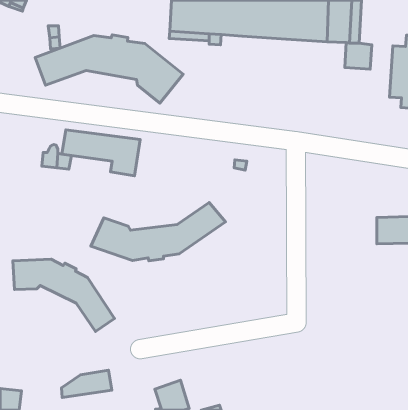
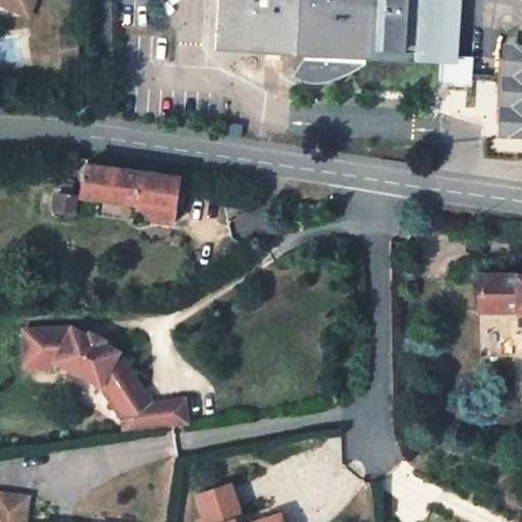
building: [35,35,183,103] -> none
building: none -> [297,46,366,79]
building: [91,203,225,261] -> none
building: [61,370,112,397] -> [123,399,188,433]

